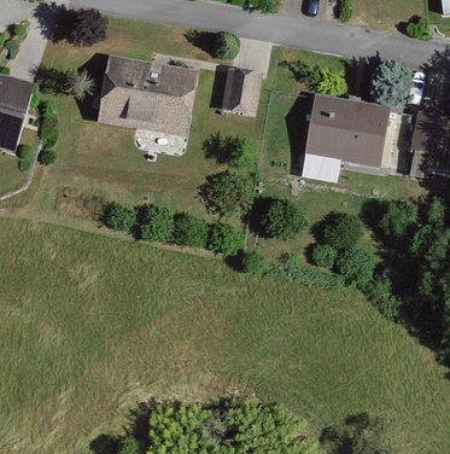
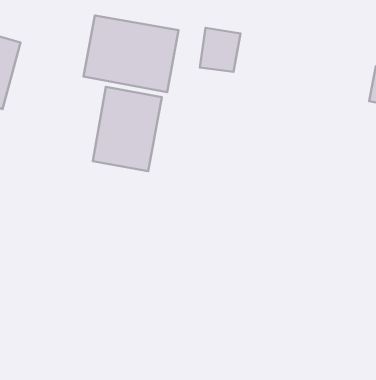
building: [305,94,397,170] -> none
building: none -> [93,87,162,171]

